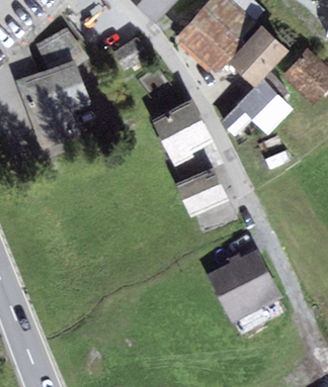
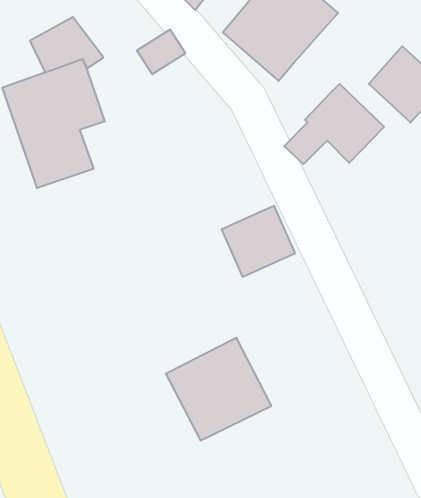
building: [227,25,285,84] -> none
building: [149,98,214,168] -> none
building: [206,248,282,322] -> [166,338,271,441]

